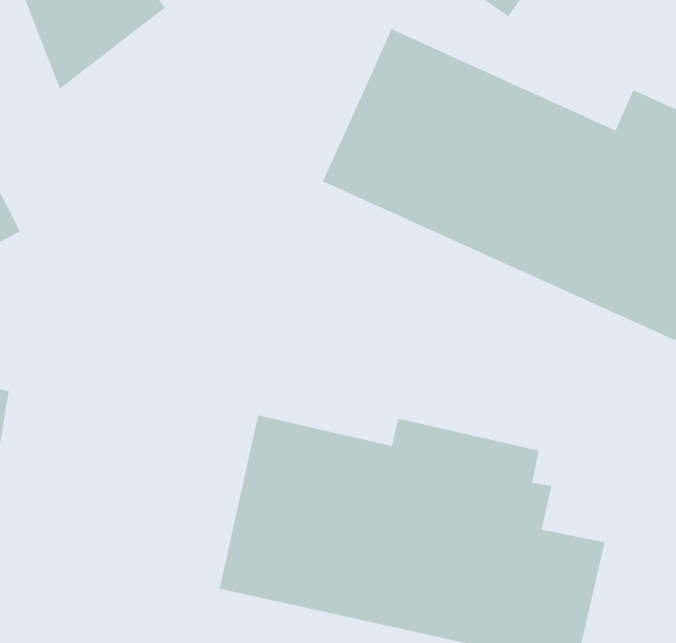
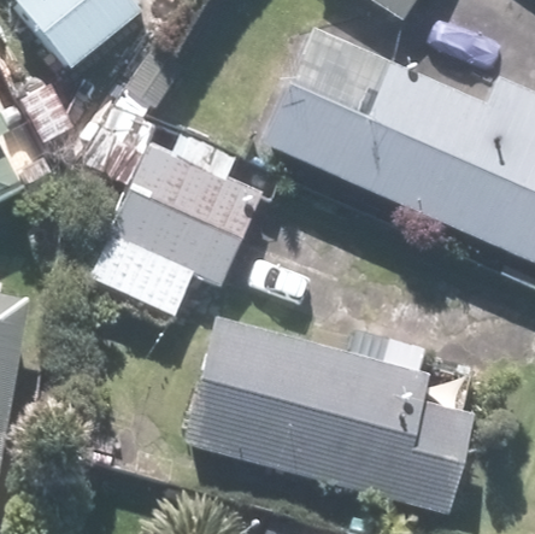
building: none -> [90,122,261,317]

